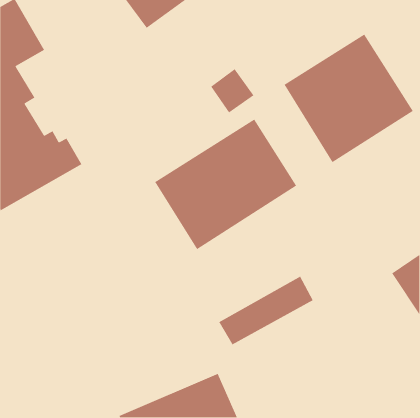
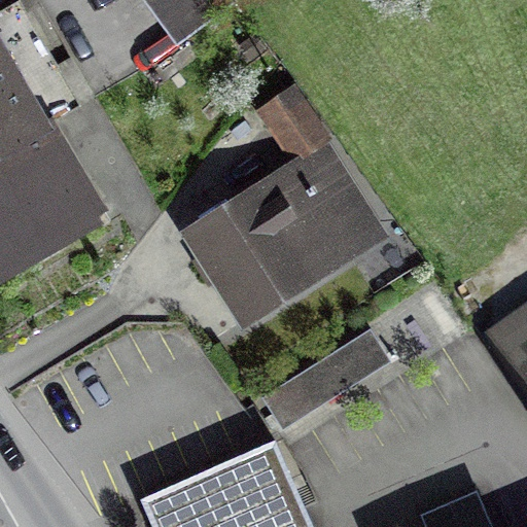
building: [283,33,414,163] -> none

